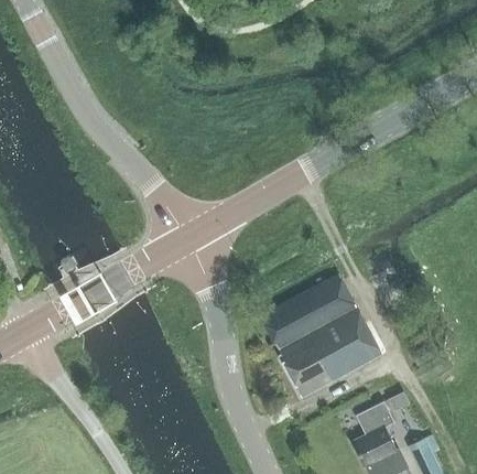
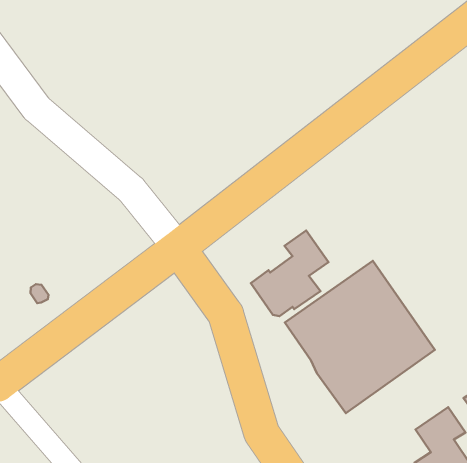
building: none -> [251,231,329,316]

